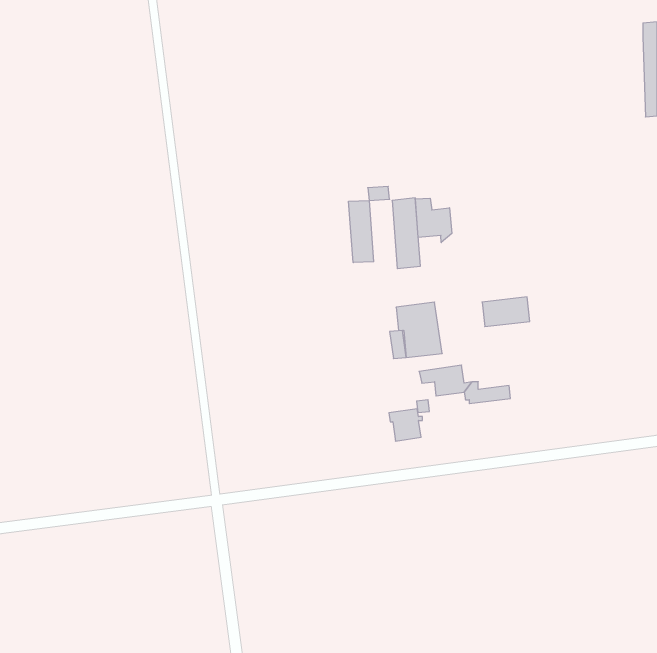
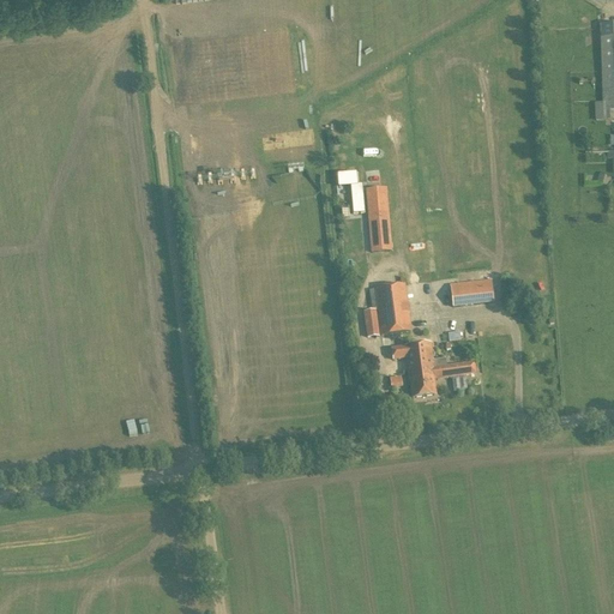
building: [415,198,452,243] -> none
building: [349,201,374,263] -> none
building: [389,409,422,441] -> [407,366,438,396]

